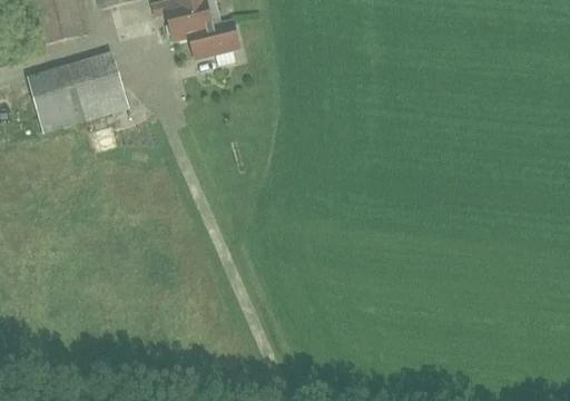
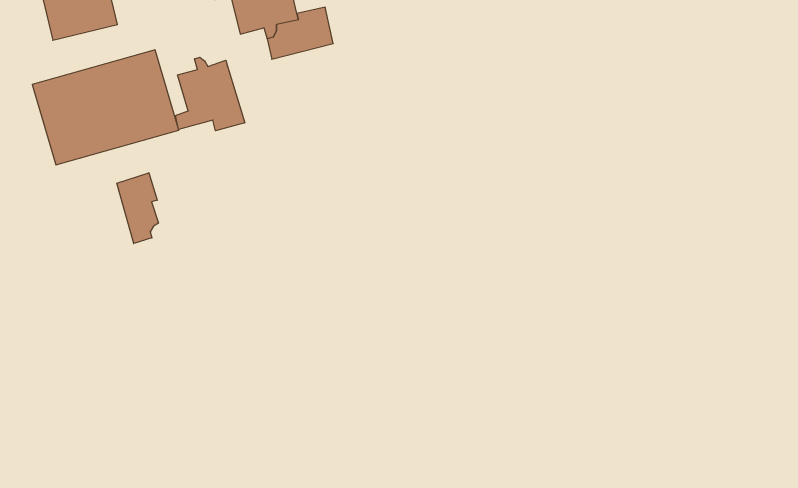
building: none -> [175,57,245,131]
building: none -> [117,173,158,244]

